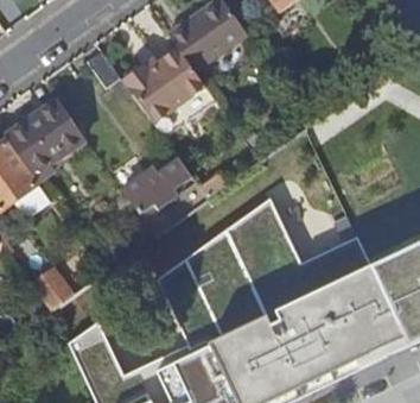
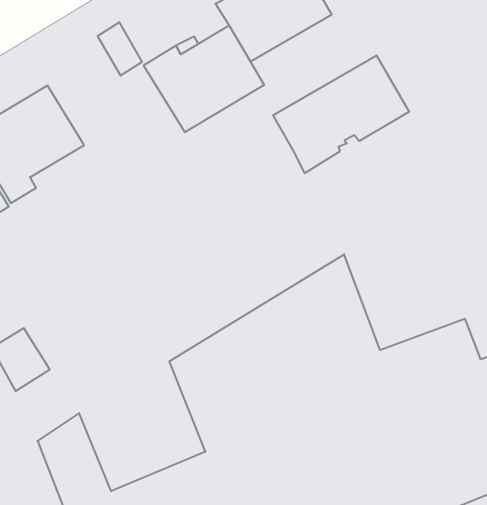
building: none -> [273,55,409,173]
building: [122,157,191,235] -> none

